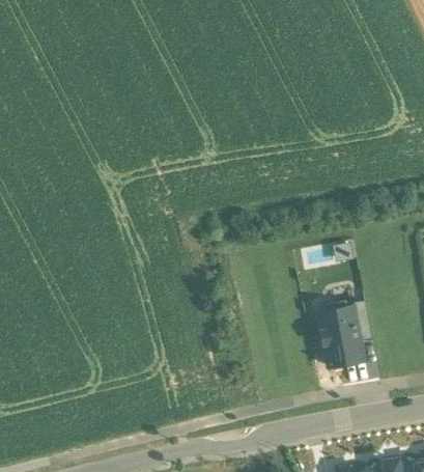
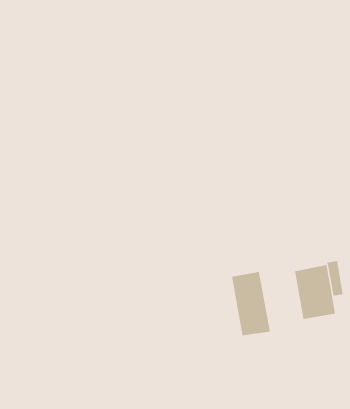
building: none -> [231,271,270,336]

